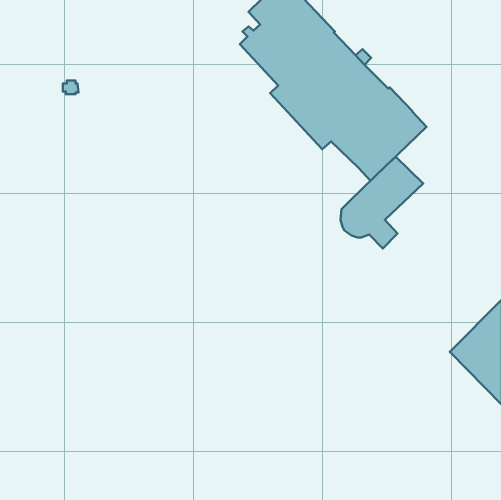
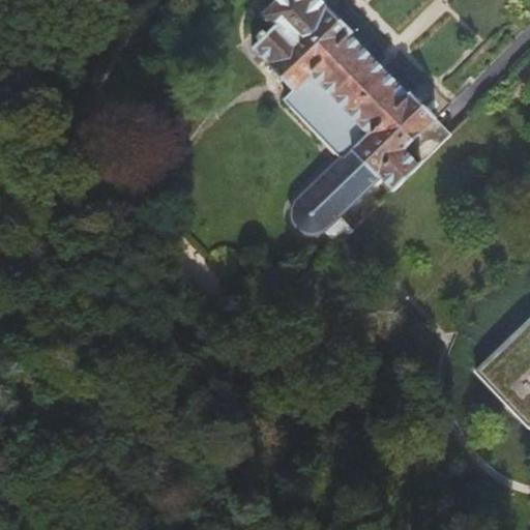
building: [341,157,423,248] -> [292,149,379,245]

